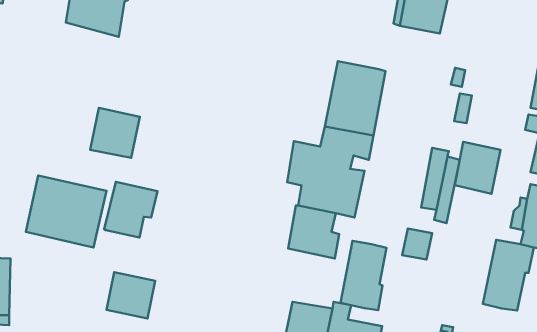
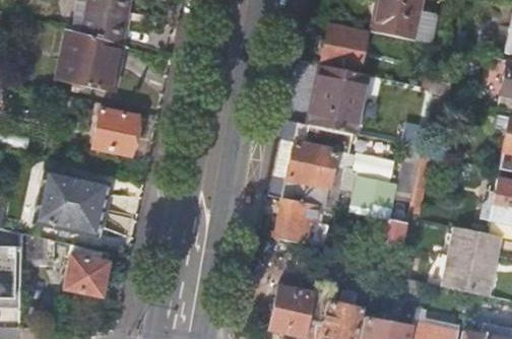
building: none -> [321,23,368,73]
building: none -> [58,29,122,90]
building: [455,142,500,194] -> none
building: [104,182,158,238] -> none
building: [341,241,387,310] -> none
building: [106,272,155,319] -> [63,254,108,296]

